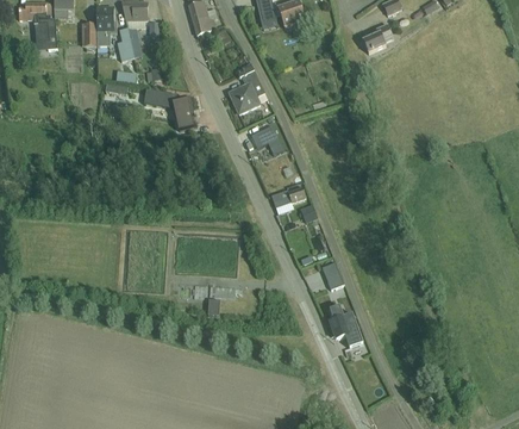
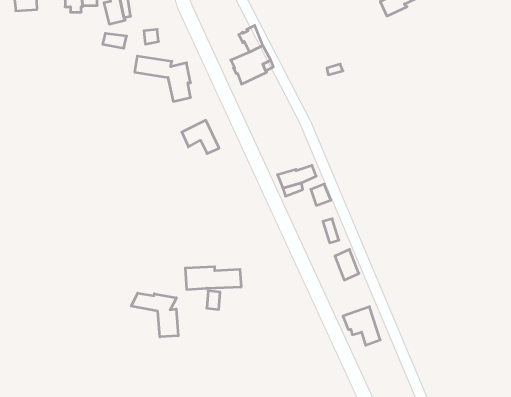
building: [250,125,283,155] -> [182,120,219,154]
building: none -> [131,293,178,337]

